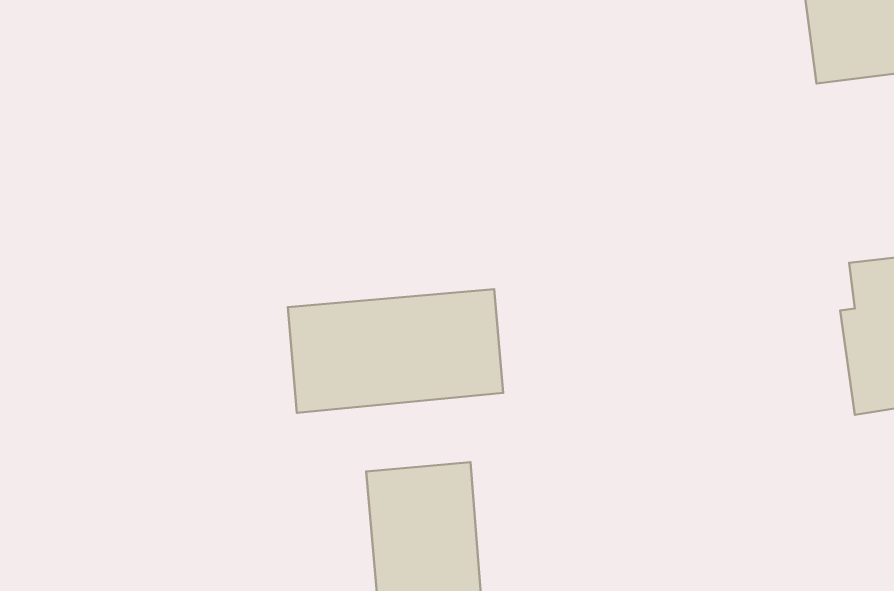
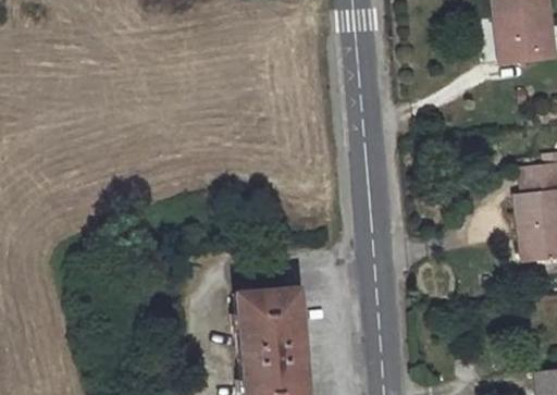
building: [288,289,503,413] -> none

